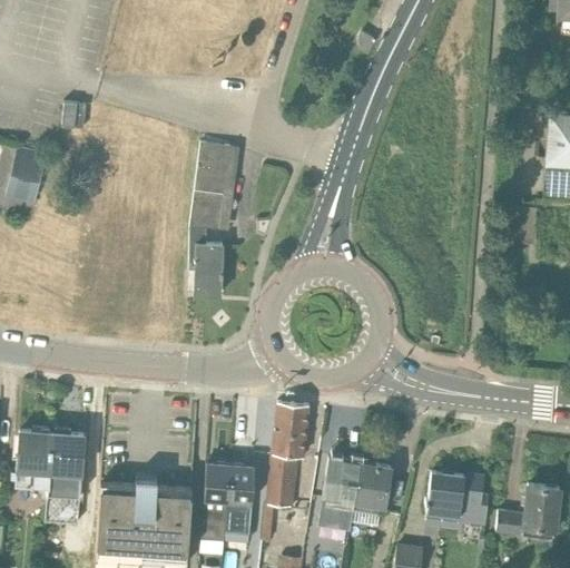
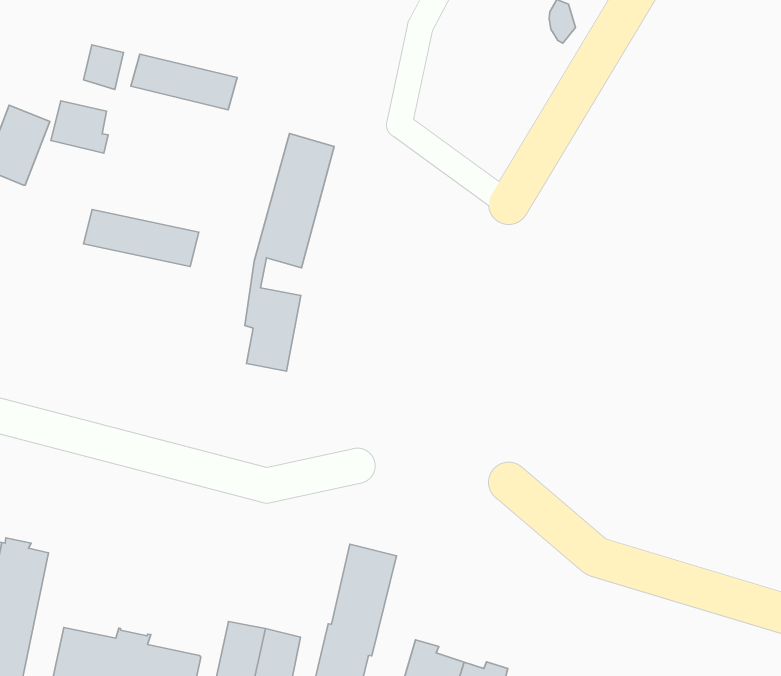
building: none -> [131,54,237,110]
building: none -> [51,101,108,153]
building: none -> [84,209,199,266]

